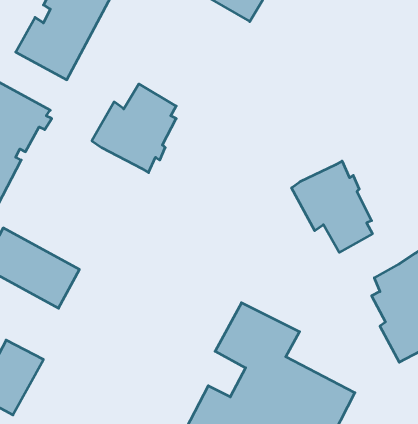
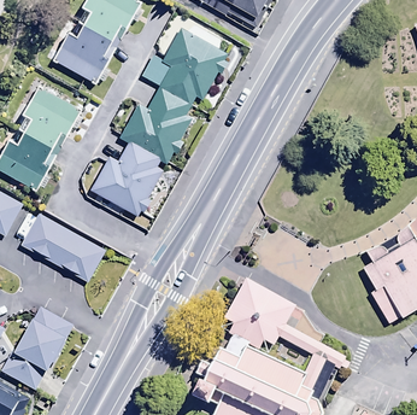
building: none -> [139,24,227,105]
building: none -> [90,141,163,214]
building: [292,161,372,252] -> none

